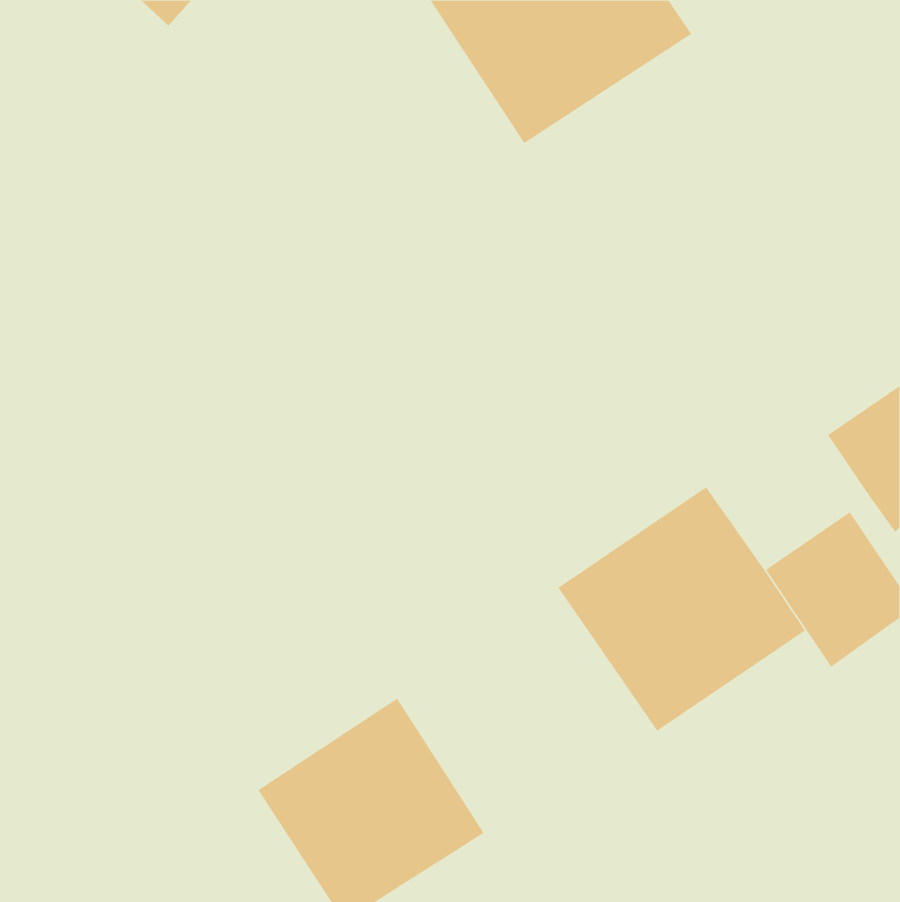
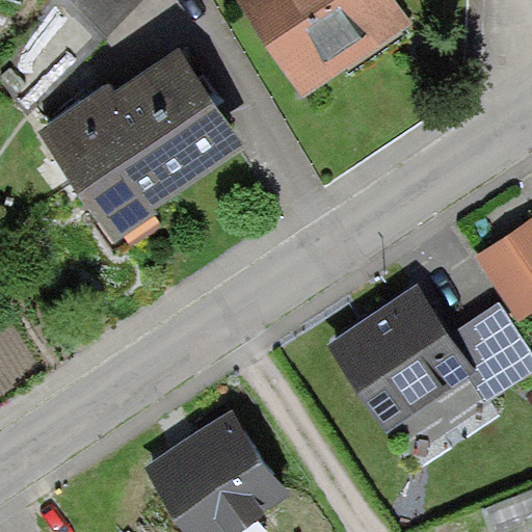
building: none -> [47,62,235,227]

